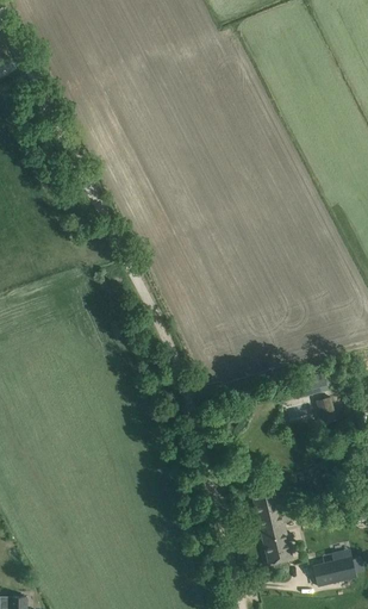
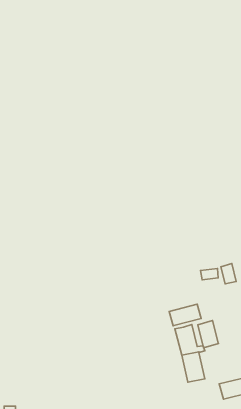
building: none -> [169,304,201,326]
building: none -> [198,321,218,348]

